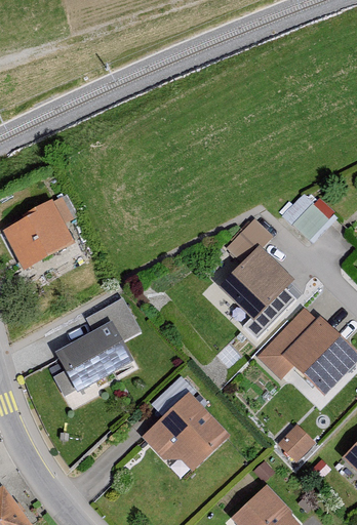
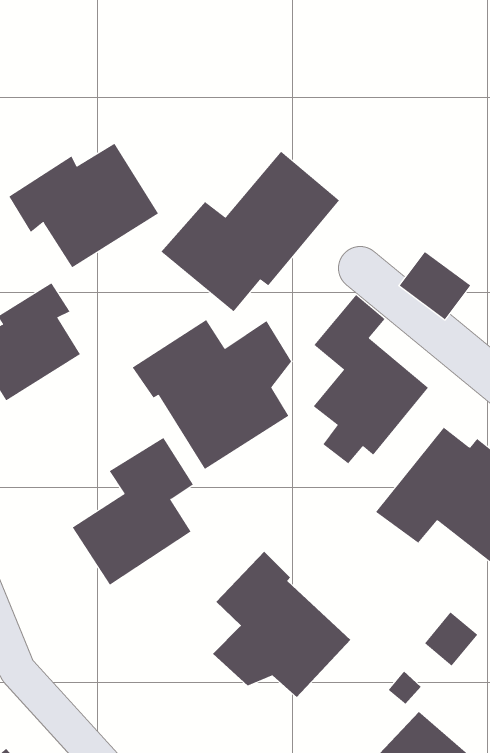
building: none -> [8,143,159,268]
building: none -> [160,151,340,312]
building: none -> [132,319,292,470]

